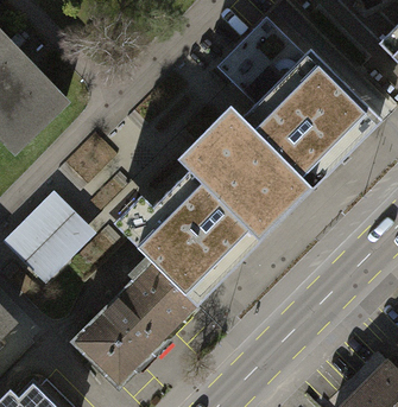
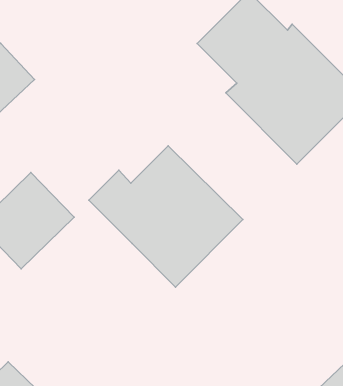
building: [183,103,320,240] -> none
building: [77,263,203,392] -> none

